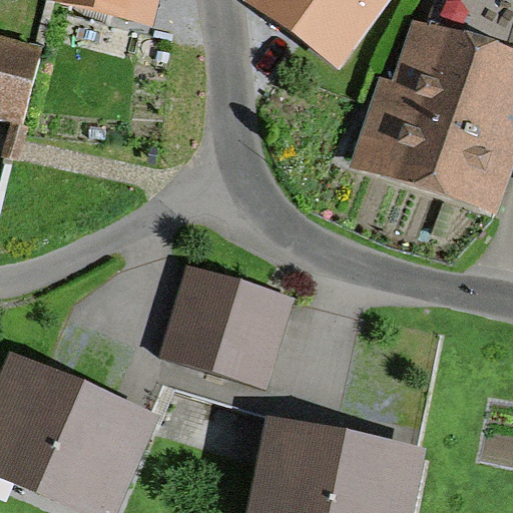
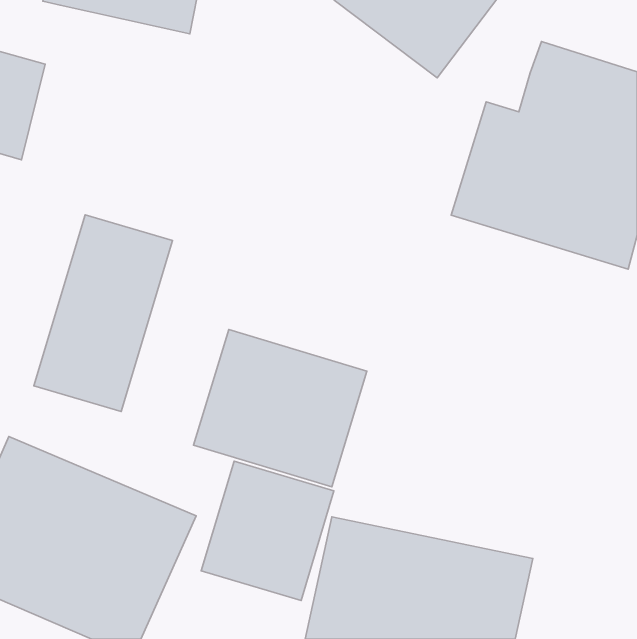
building: none -> [34,215,172,411]
building: none -> [201,461,334,600]

